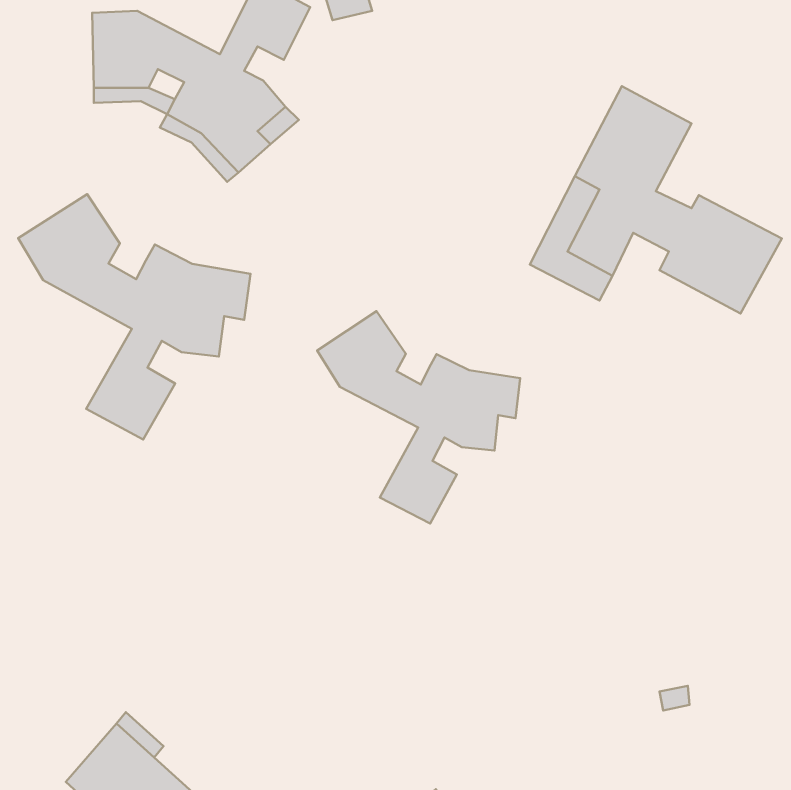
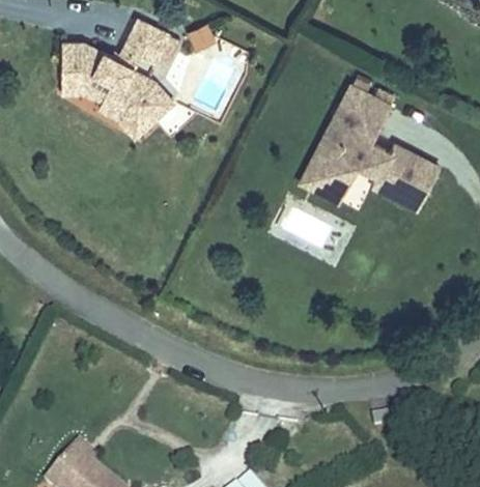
building: [18,194,251,439] -> none
building: [317,311,520,523] -> none

